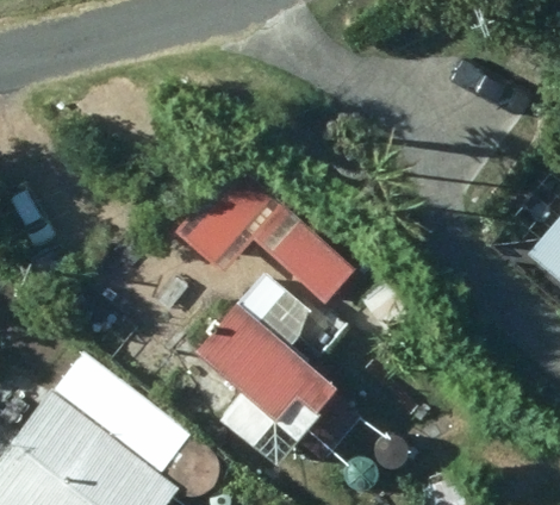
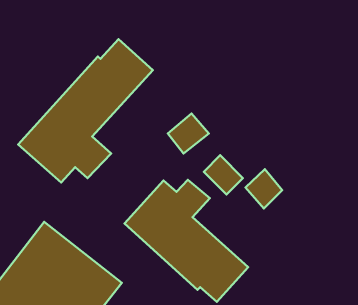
building: none -> [18,39,153,182]

